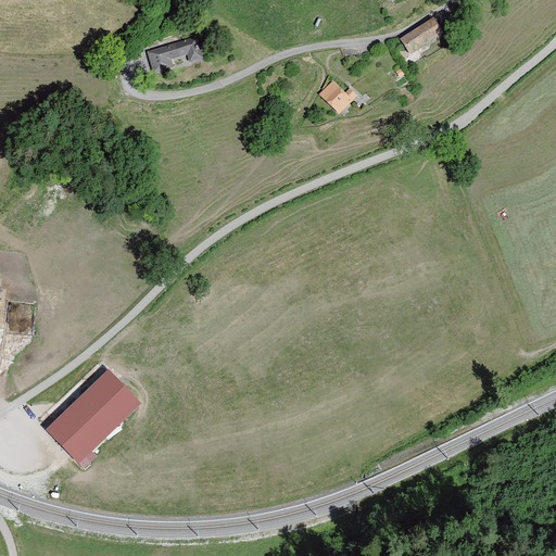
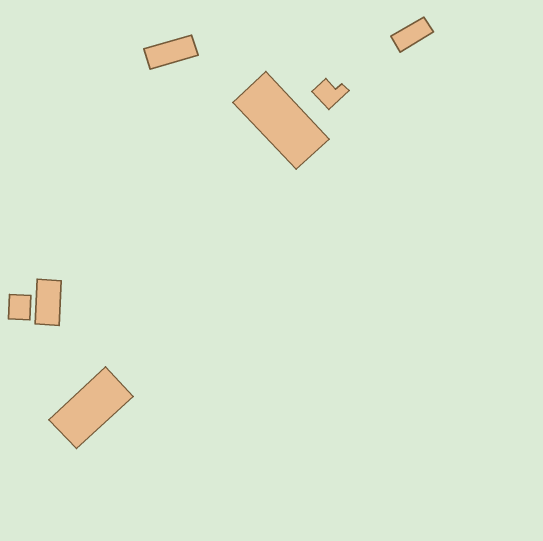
building: none -> [233,71,329,169]
building: none -> [35,279,61,325]

